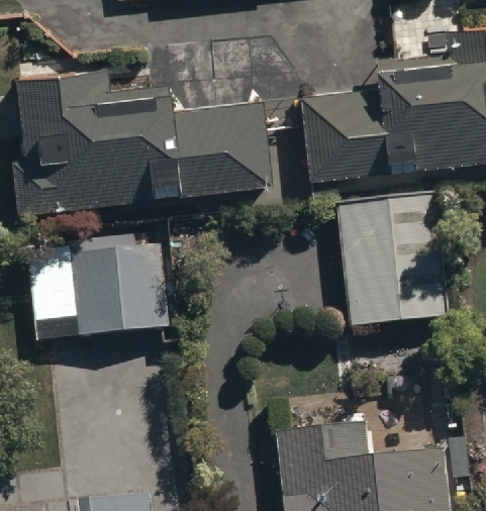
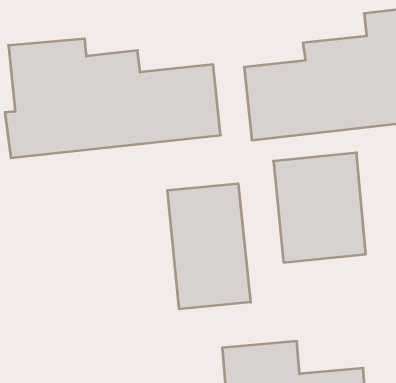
building: none -> [167,184,251,309]
building: [31,249,179,349] -> none

